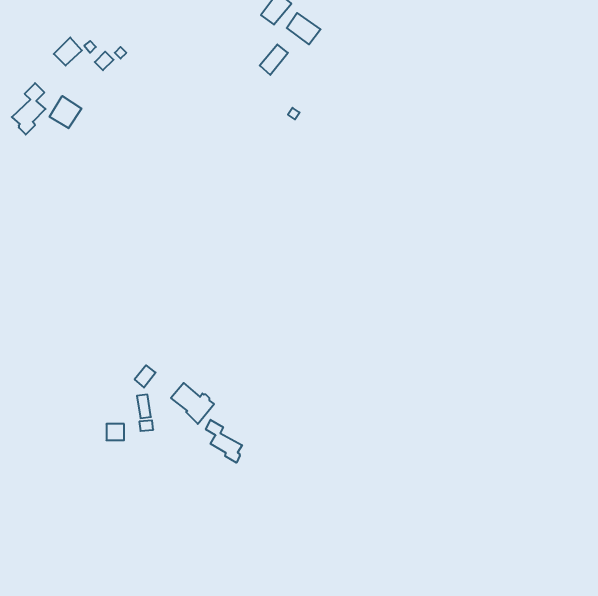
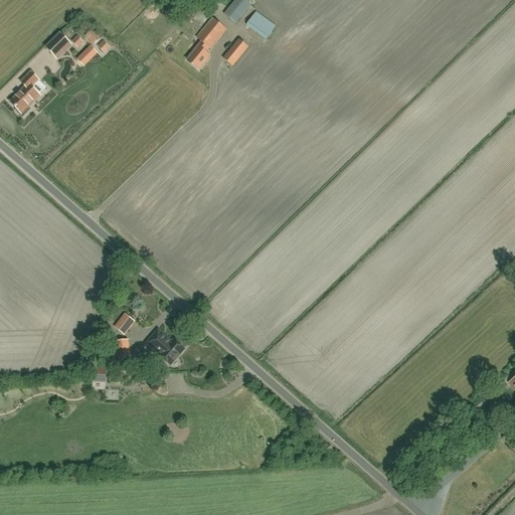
building: none -> [187,17,226,67]
building: [50,96,81,128] -> none
building: [206,420,242,463] -> none

